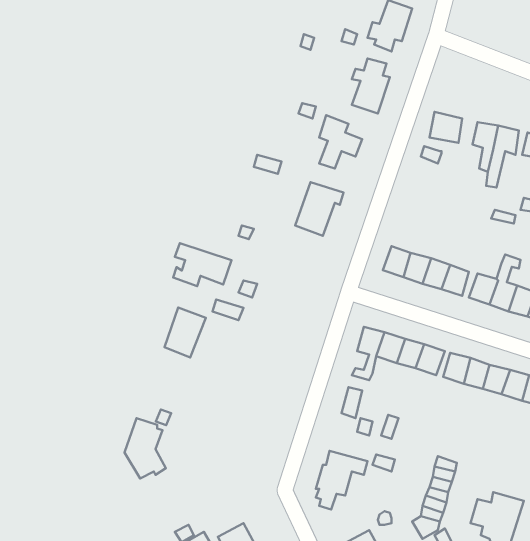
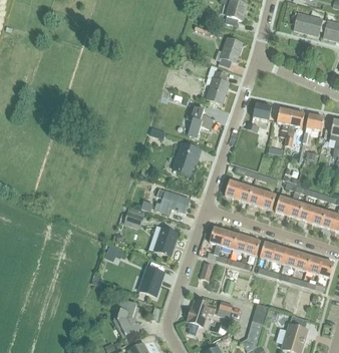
building: [173,243,232,286] -> [155,188,190,213]
building: [164,308,206,357] -> [154,226,179,255]
building: none -> [139,265,164,295]
building: [125,418,166,478] -> [117,299,141,334]

